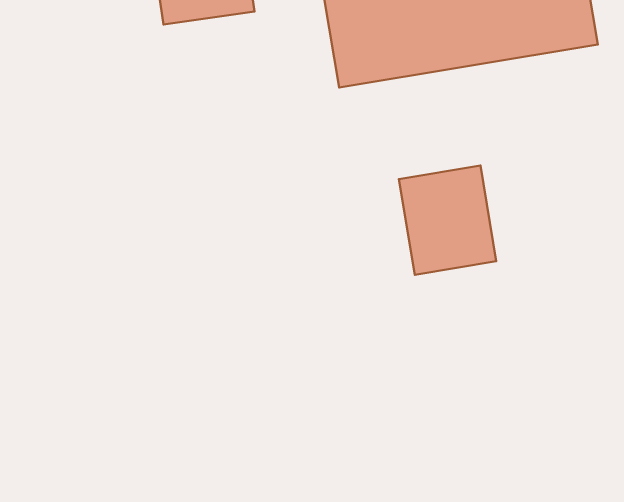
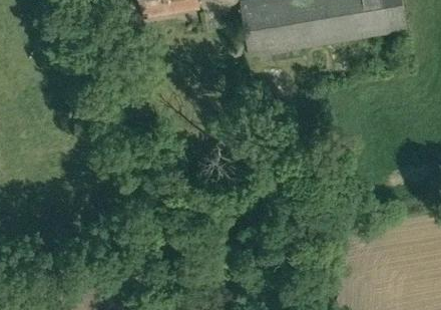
building: [399,166,496,275] -> none

